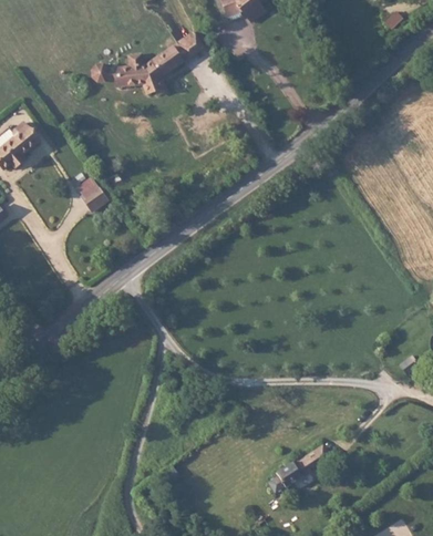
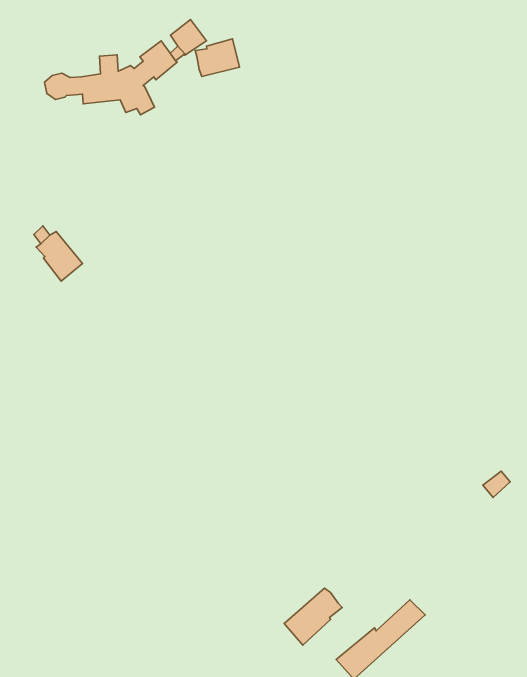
building: none -> [195,39,240,77]
building: none -> [284,588,342,645]

